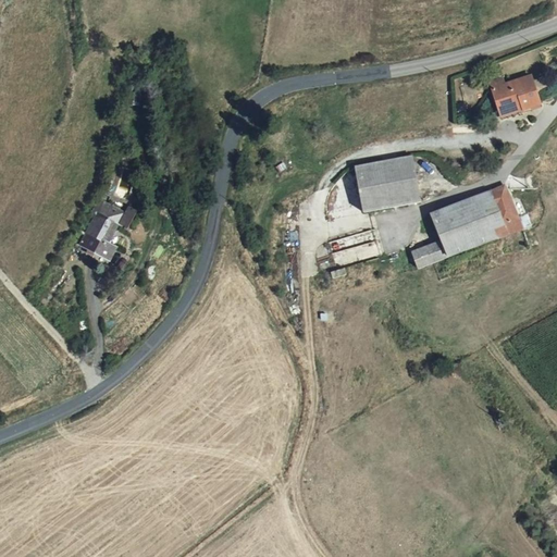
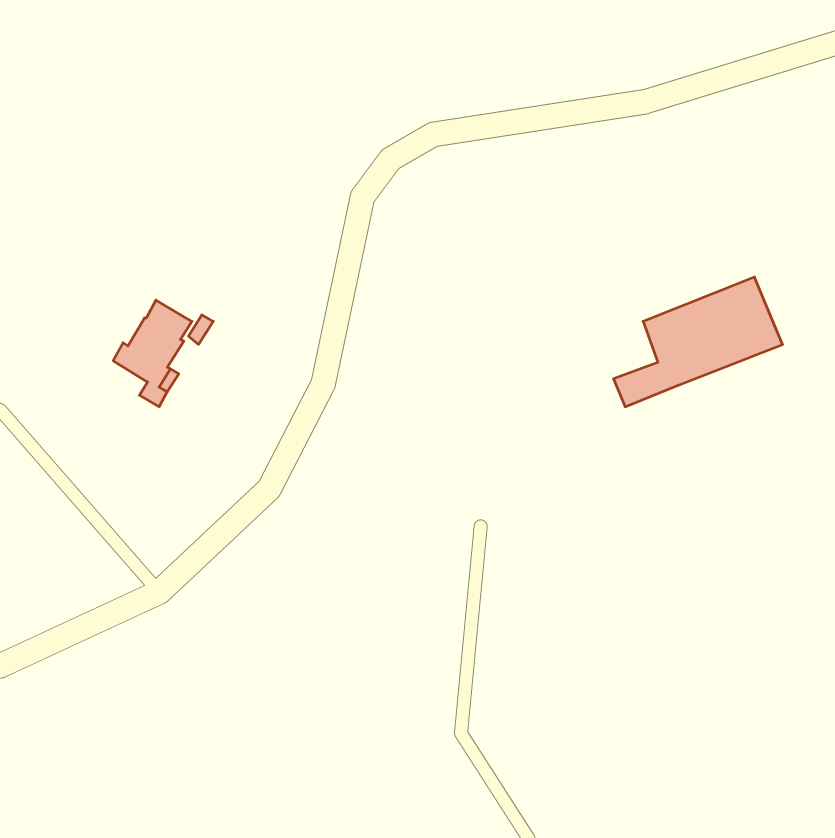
building: [496,74,544,115] -> none
building: [350,154,418,212] -> none

